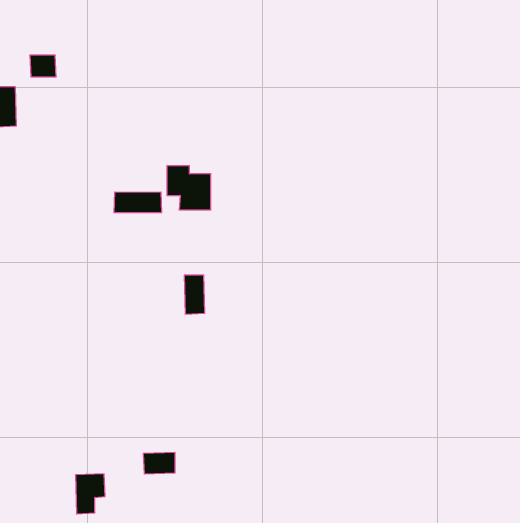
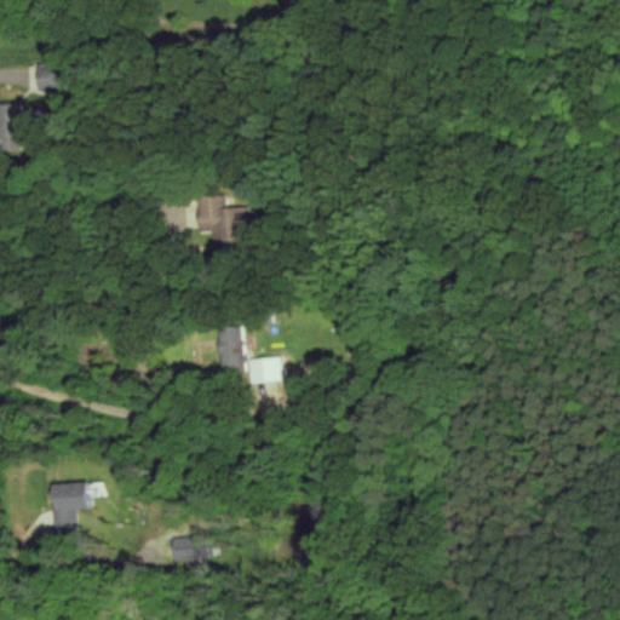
building: [114,192,162,213] -> none
building: none -> [249,357,281,381]
building: [75,474,105,514] -> [51,482,86,529]

